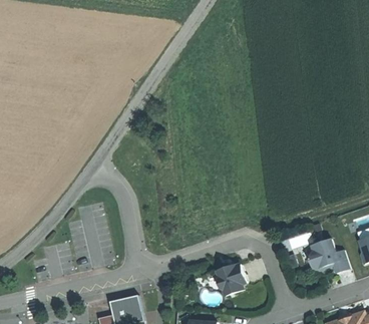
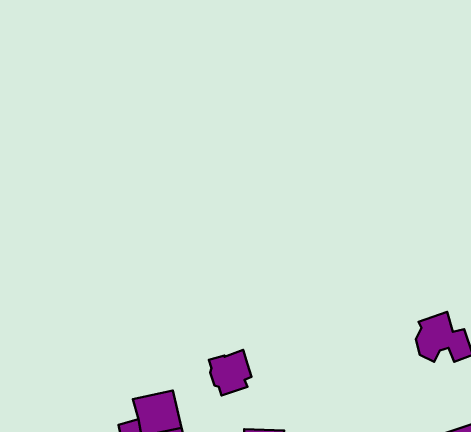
building: [216,263,246,295] -> [209,350,252,395]

